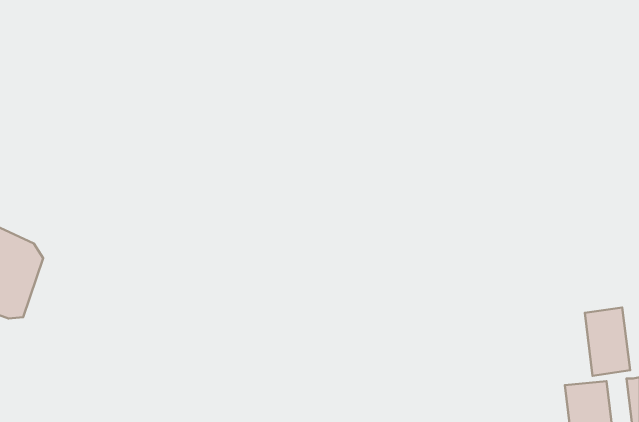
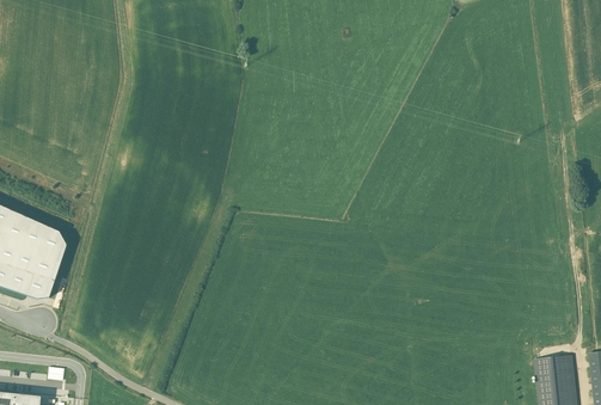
building: [585,307,630,376] -> none

